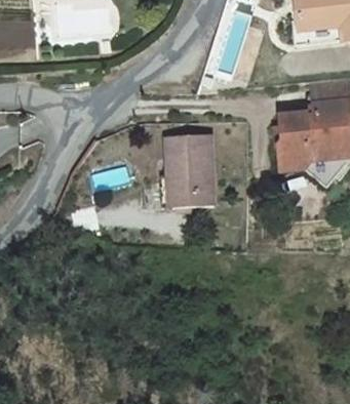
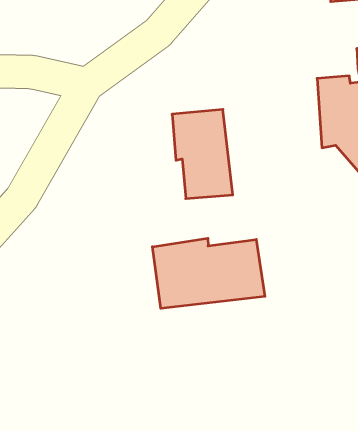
building: none -> [152,238,265,308]

